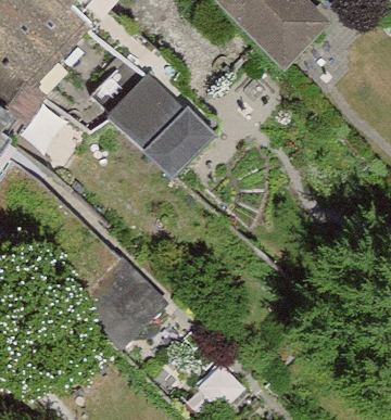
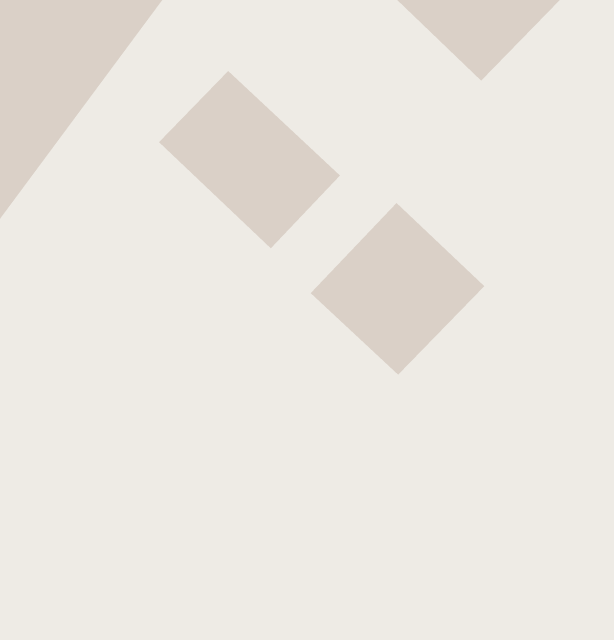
building: none -> [310,202,485,375]

